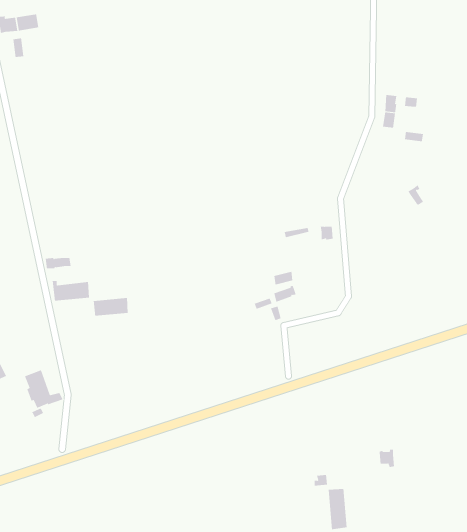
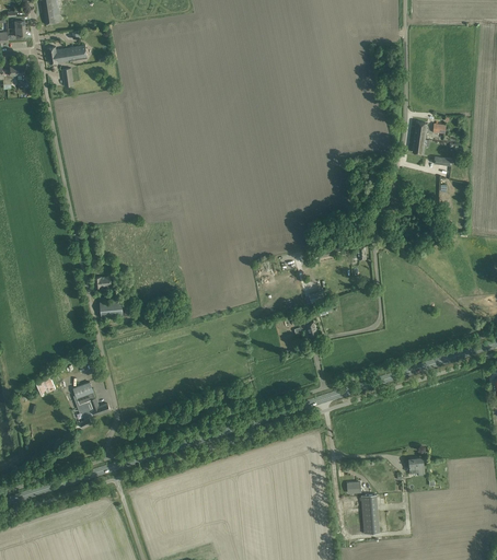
building: [93,297,128,317] -> none

